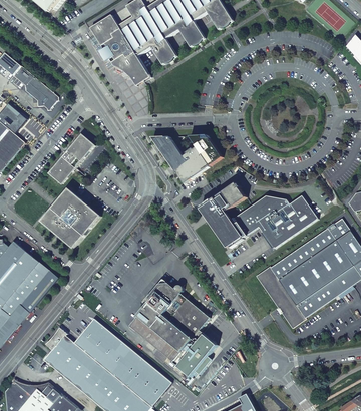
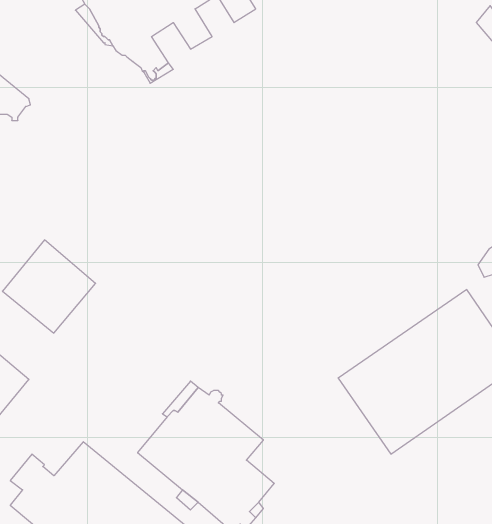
building: [49,133,95,183] -> none
building: [151,135,222,183] -> none
building: [201,182,317,249] -> none

